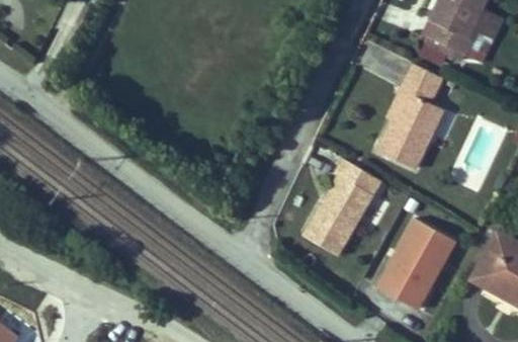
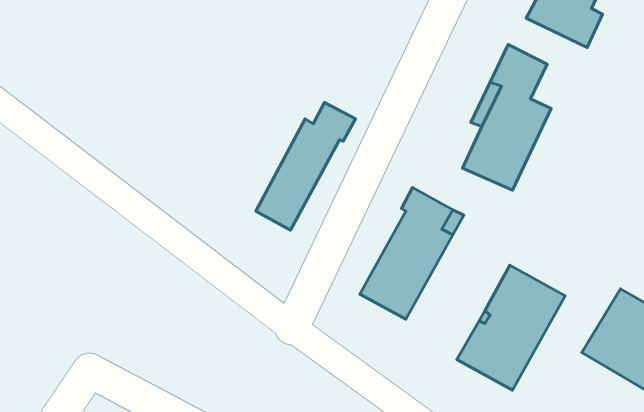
building: none -> [256,102,355,230]

